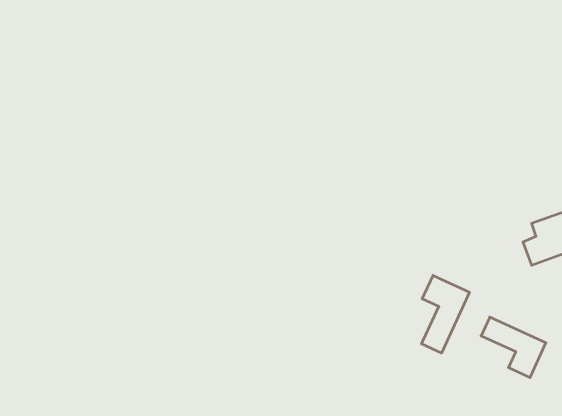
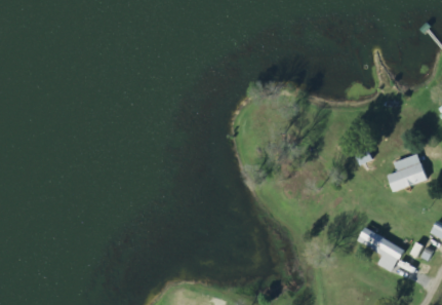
building: [422,275,469,353] -> none

